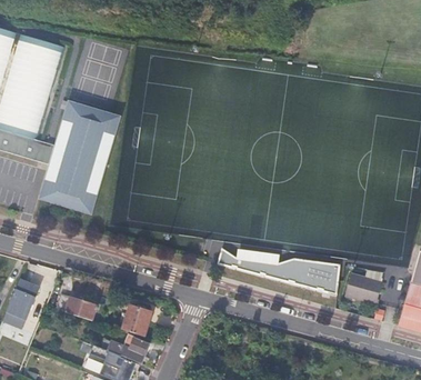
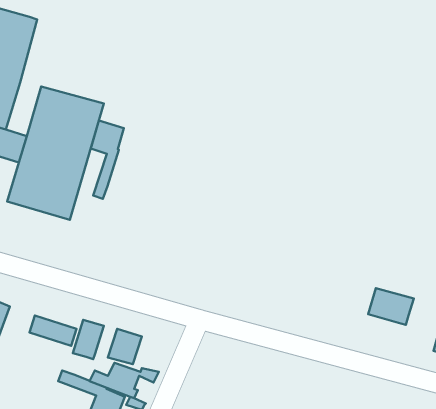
building: none -> [91,120,124,199]
building: [218,250,338,296] -> none
building: none -> [73,320,104,359]

